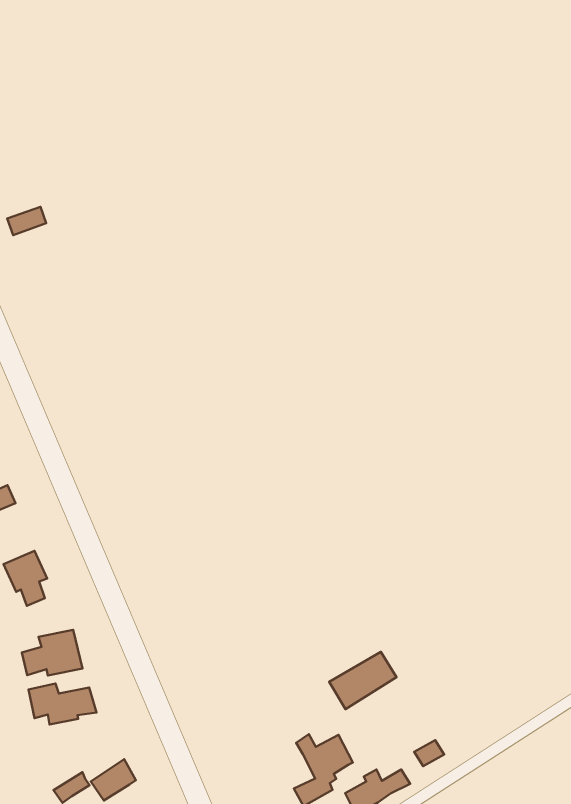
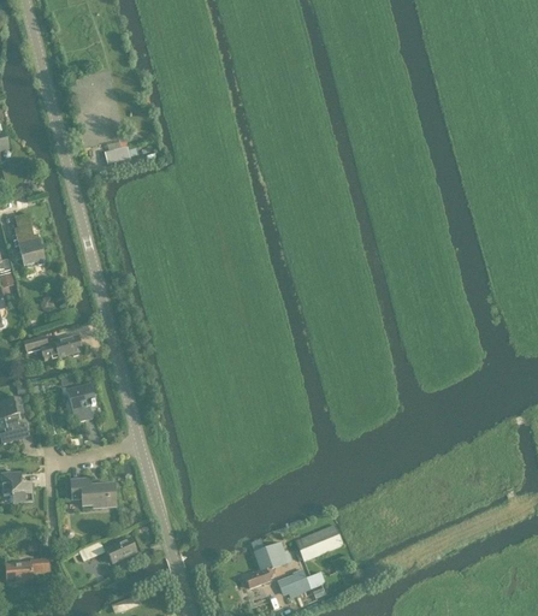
building: [22,630,82,676] -> none
building: [329,652,397,709] -> [295,525,342,561]

